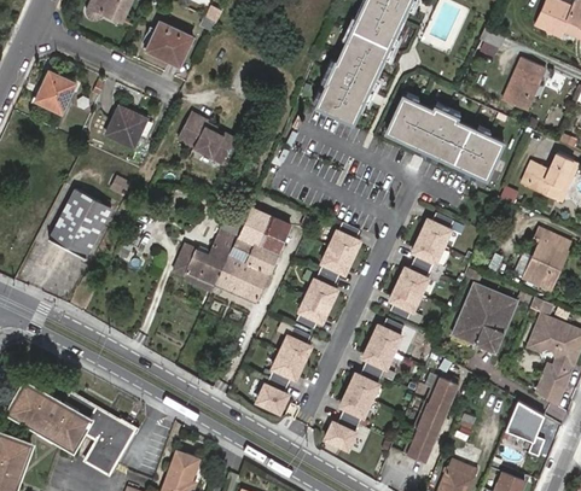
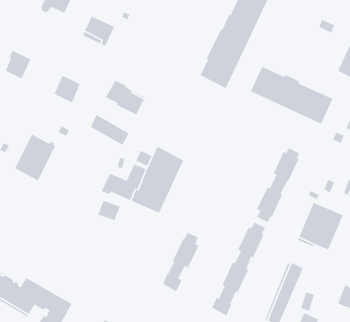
building: none -> [90,114,130,146]
building: [280,198,362,327] -> none
building: none -> [97,200,121,221]

